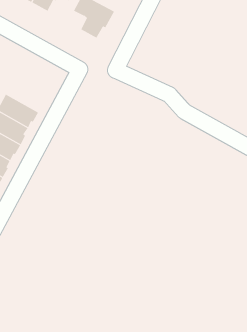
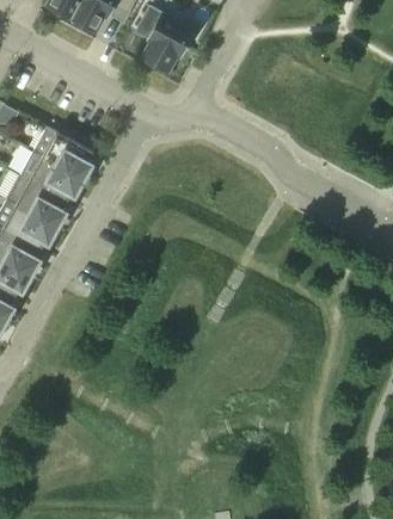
building: none -> [33,126,93,179]

